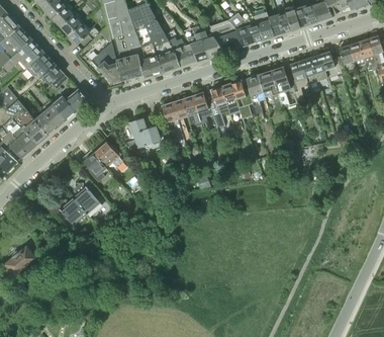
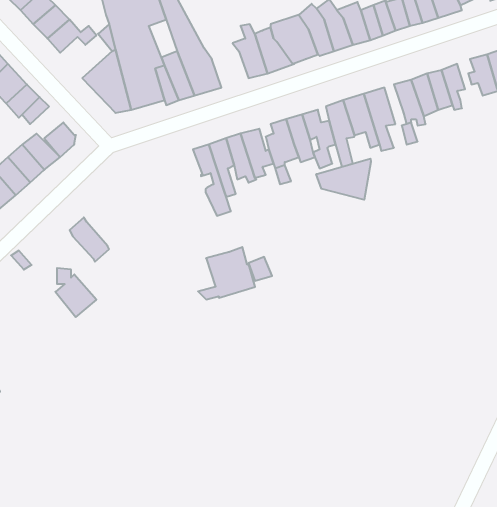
building: [168,37,196,67] -> none
building: none -> [316,159,371,200]
building: [123,115,160,149] -> [198,247,255,299]
building: [93,143,123,168] -> none
building: [57,197,86,226] -> none

